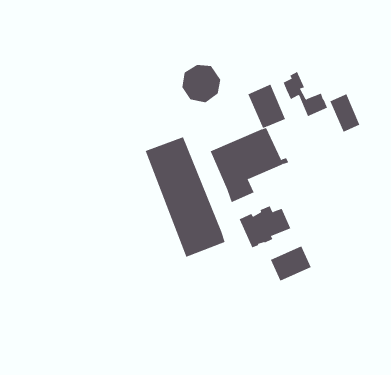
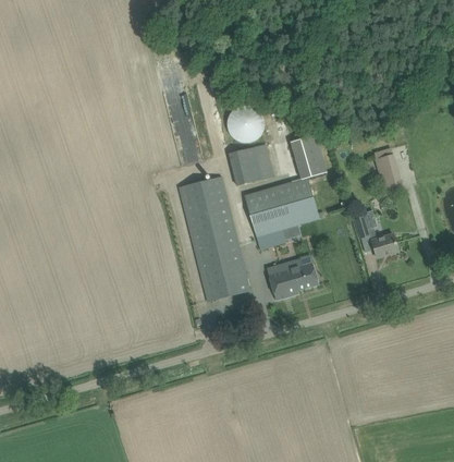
building: [283,71,328,117] -> [355,209,397,257]
building: none -> [229,144,273,185]
building: [270,245,311,281] -> none

